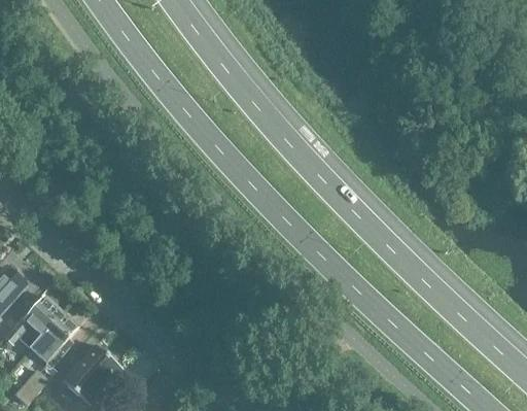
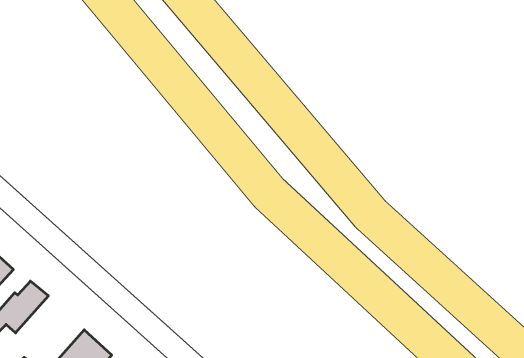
building: [29,310,78,366] -> none

